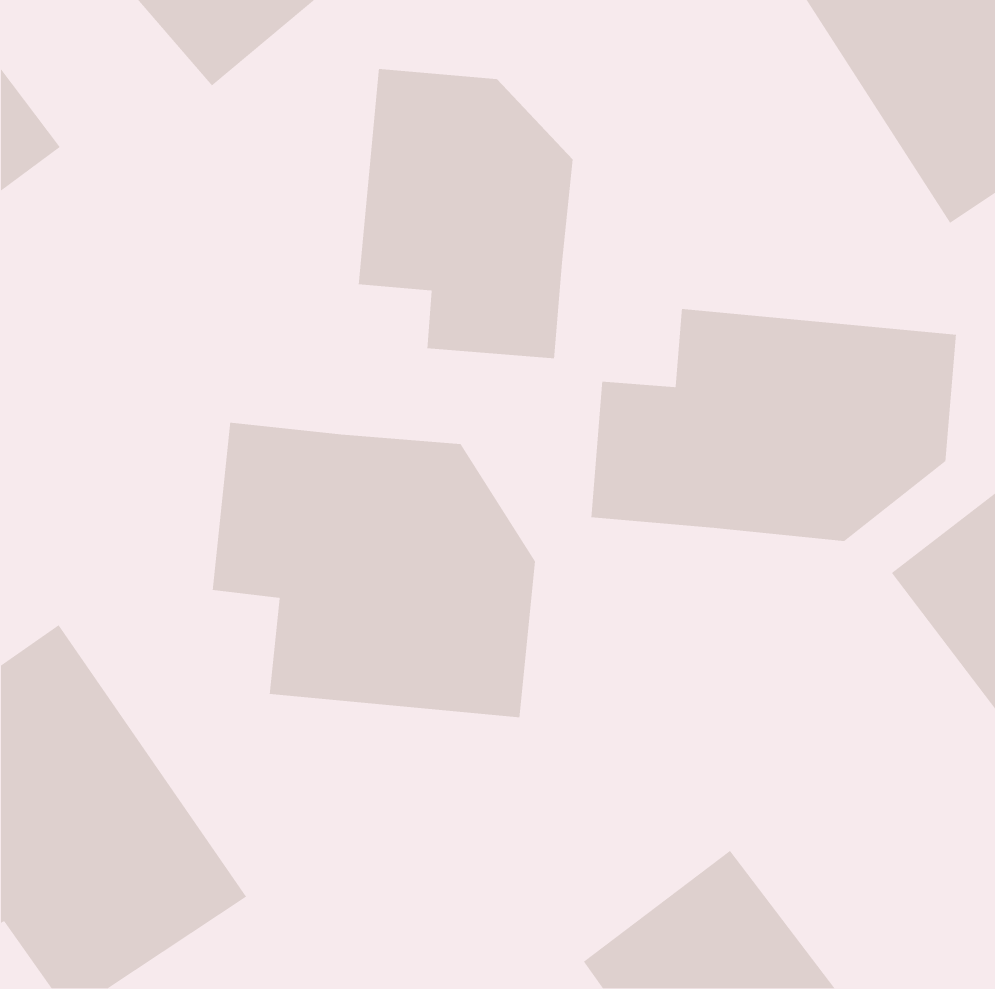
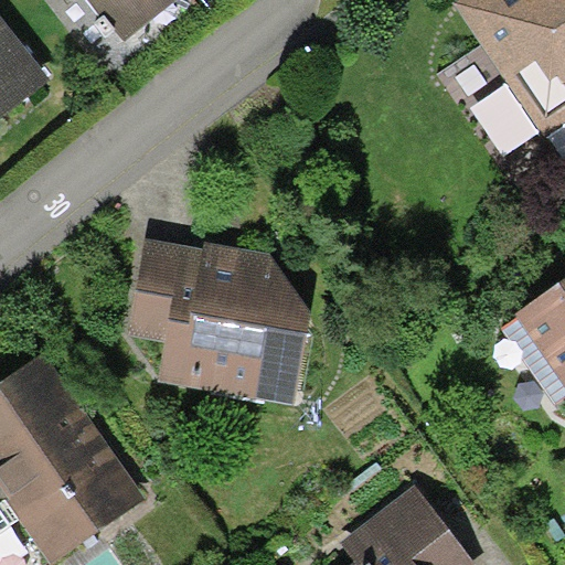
building: [358,68,574,359] -> none
building: [591,308,957,542] -> none

